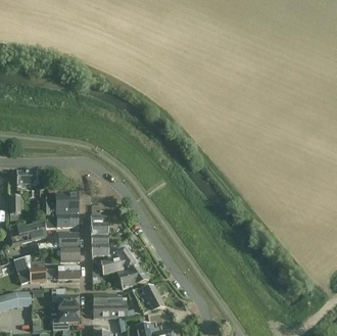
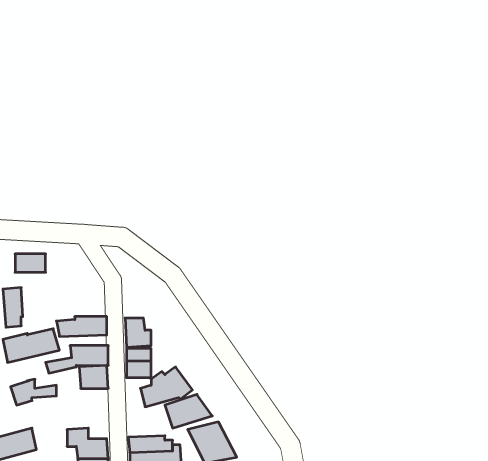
building: [42,192,78,213] -> none
building: [17,267,80,283] -> none

